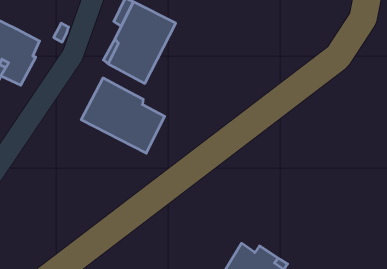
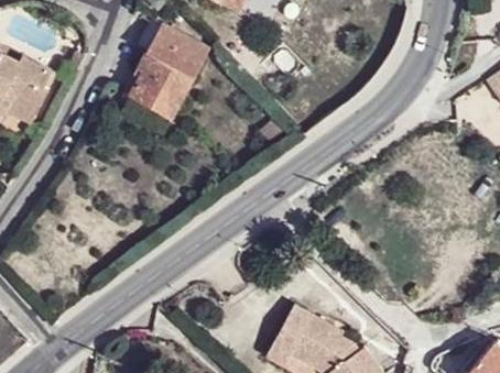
building: [81,78,165,153] -> none

